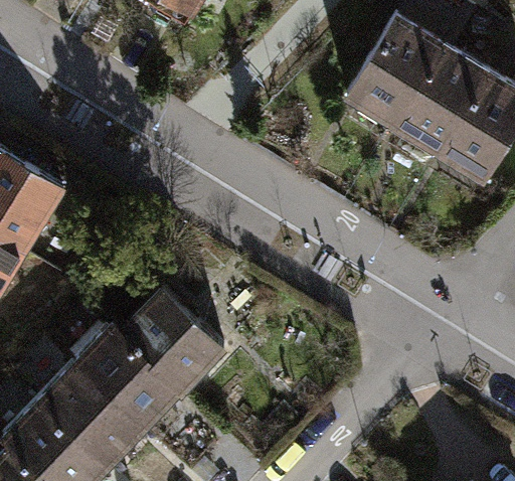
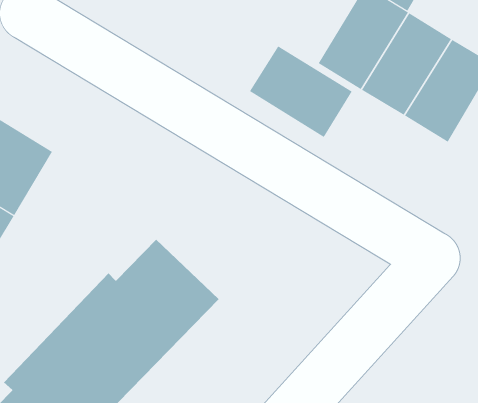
building: none -> [249,46,353,138]

